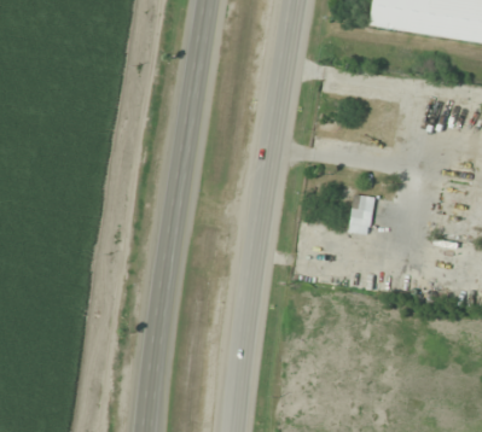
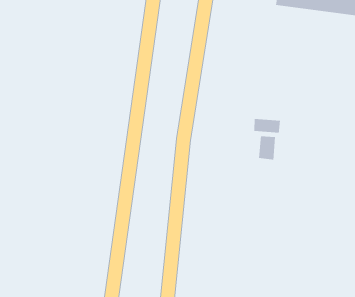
building: none -> [254,118,281,133]

